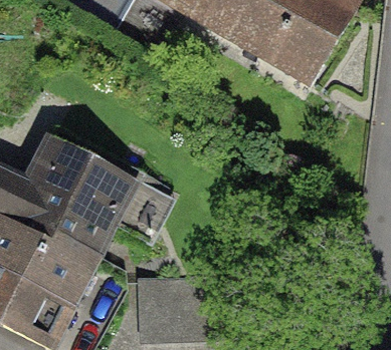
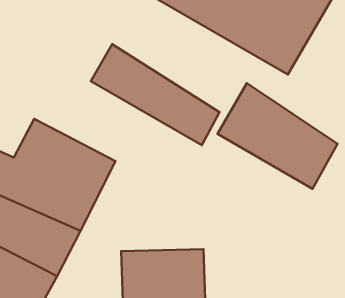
building: none -> [91,44,220,145]
building: none -> [218,83,338,189]

